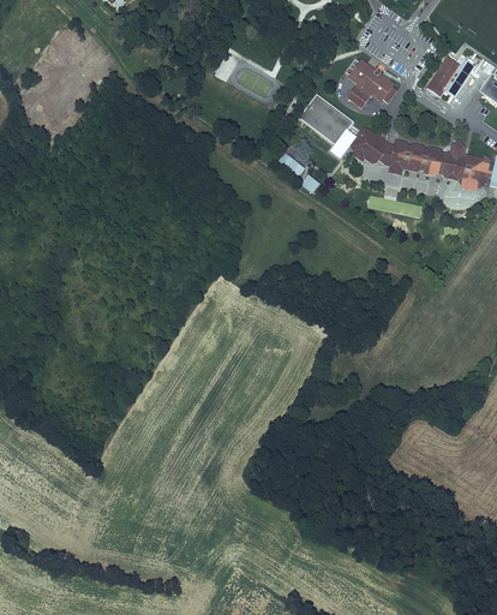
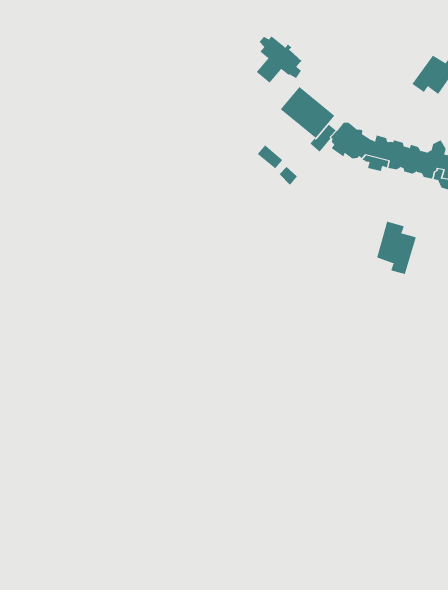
building: [347,61,393,109] -> [256,35,302,84]
building: none -> [377,221,417,275]

